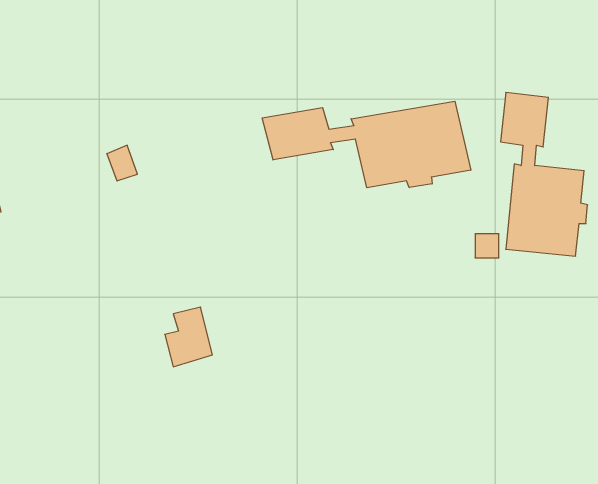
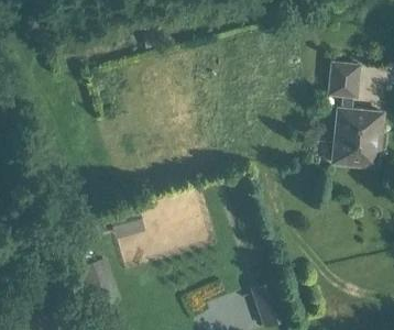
building: [262,101,471,188] -> none

